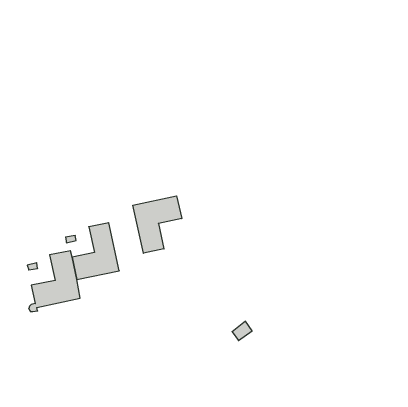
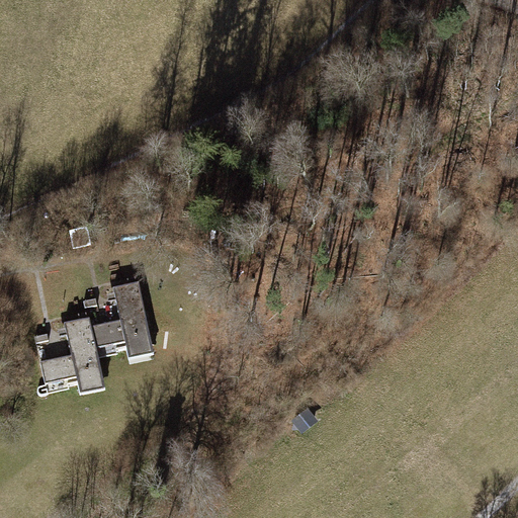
building: [133,196,182,253] -> none

